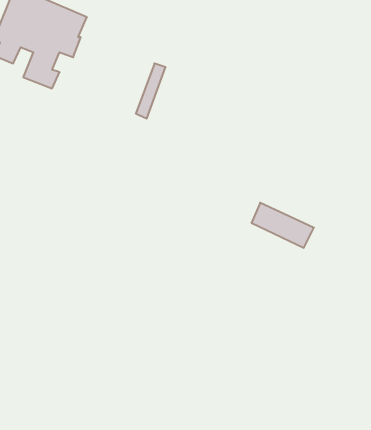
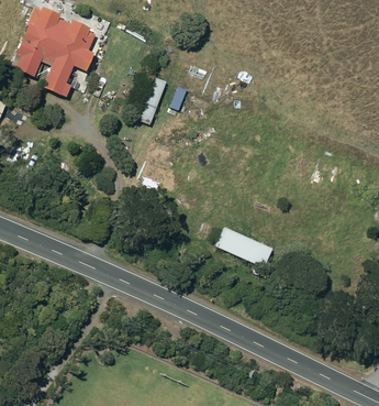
building: [251,203,314,248] -> [215,227,270,266]

